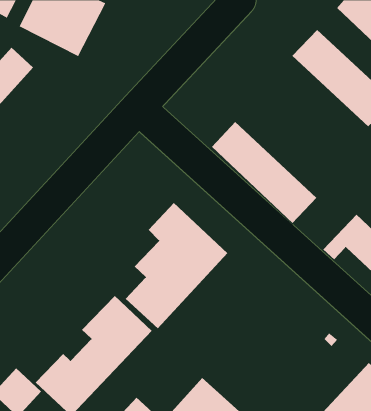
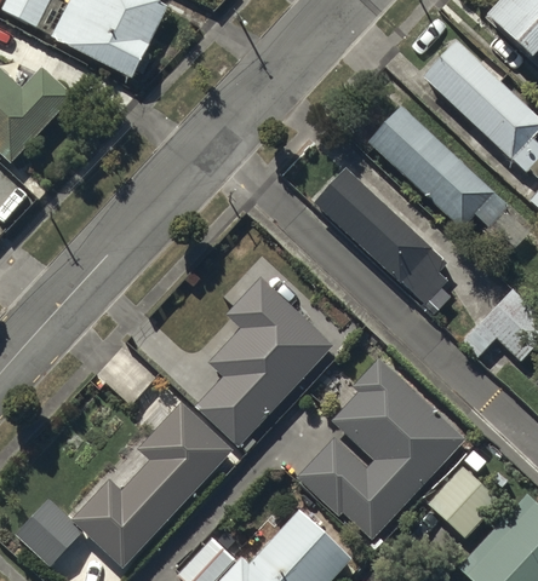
building: none -> [367,103,510,226]
building: none -> [294,357,468,540]
building: none -> [428,465,499,536]

